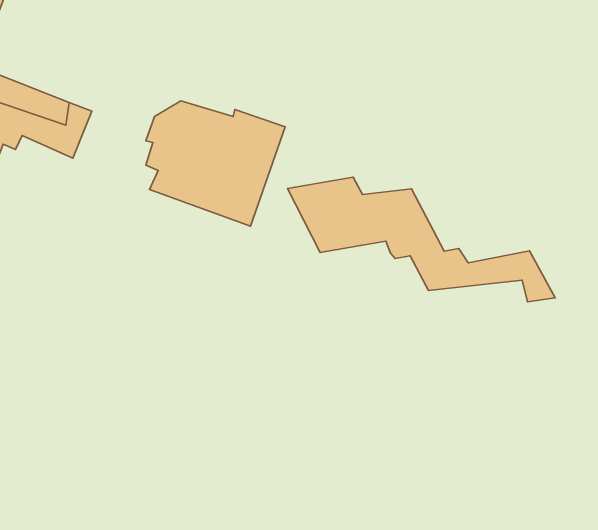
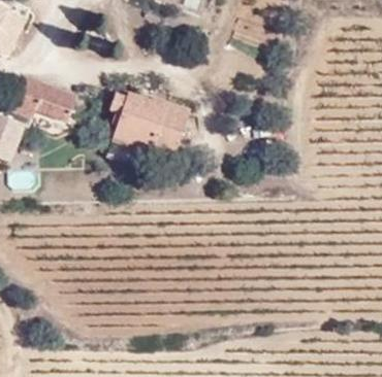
building: [287,177,555,302] -> none

